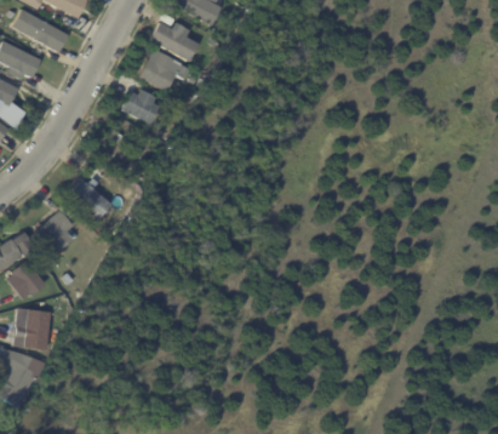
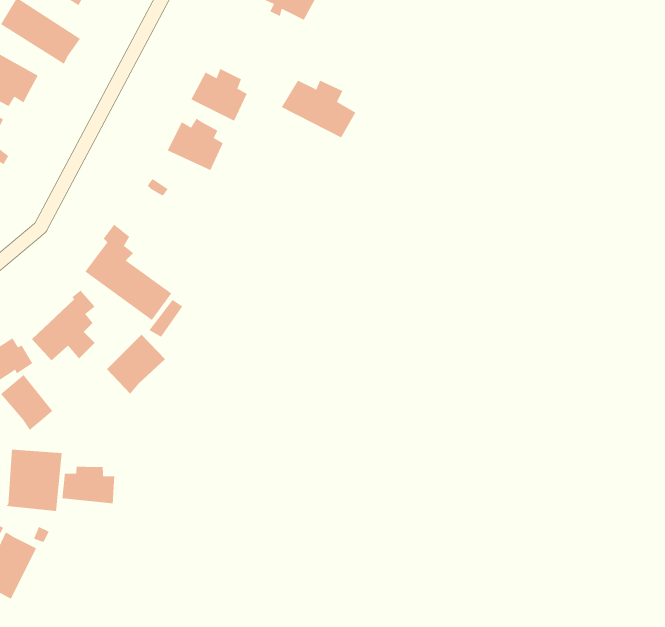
building: [151,22,201,61] -> [281,80,356,138]
building: none -> [106,334,166,395]
building: none -> [62,466,115,504]

